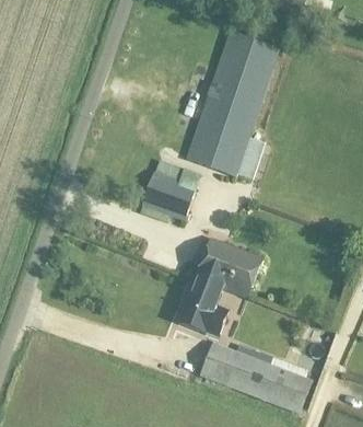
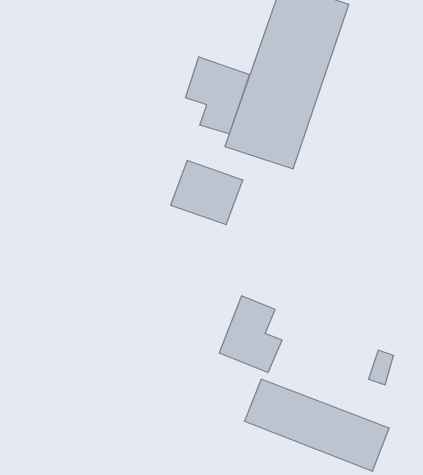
building: none -> [185,57,249,134]
building: [198,236,264,296] -> none

